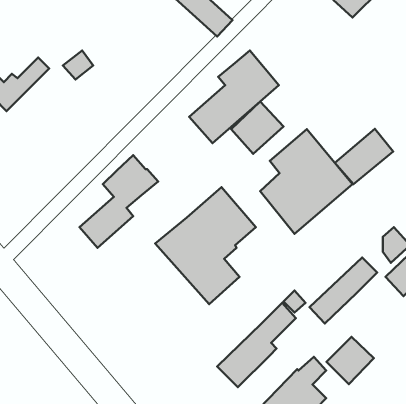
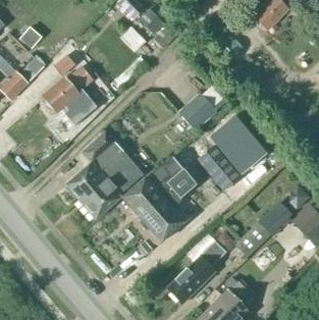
building: [189,51,279,143] -> [79,151,146,219]
building: none -> [44,66,97,125]
building: [335,129,393,184] -> none
building: [327,337,374,384] -> none

